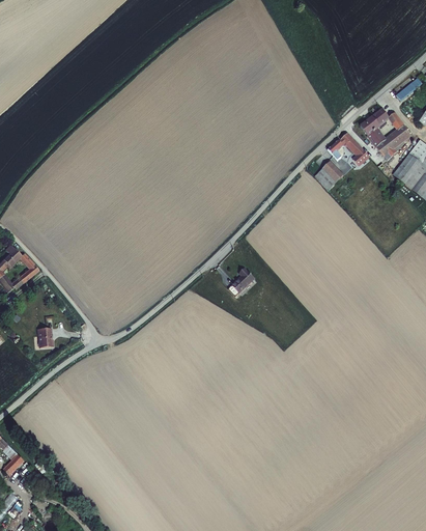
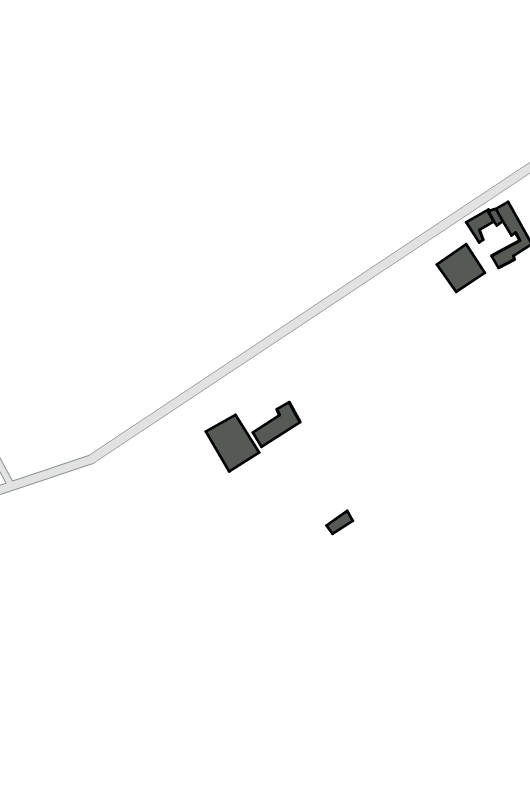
building: none -> [206,415,259,471]

